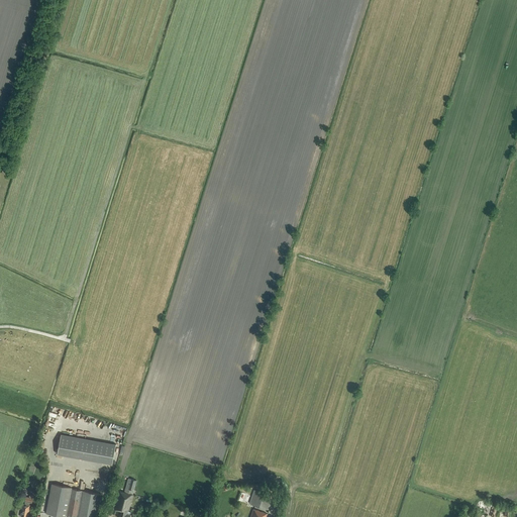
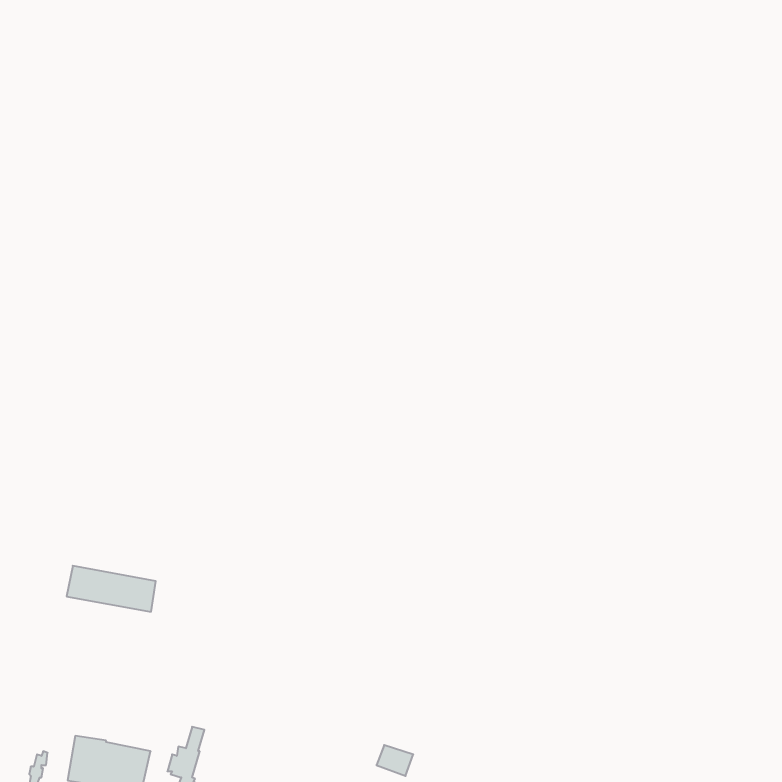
building: [56,436,114,467] -> [67,566,156,612]

